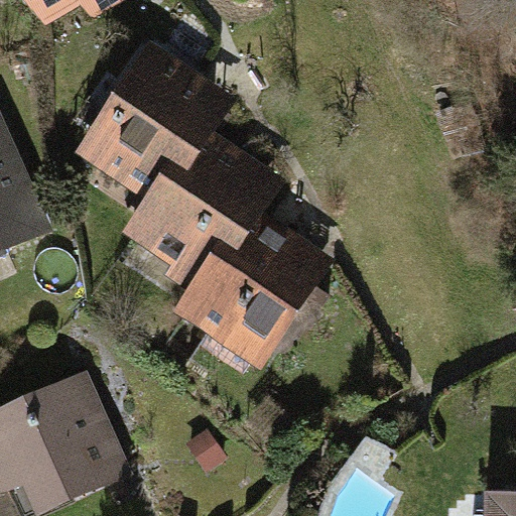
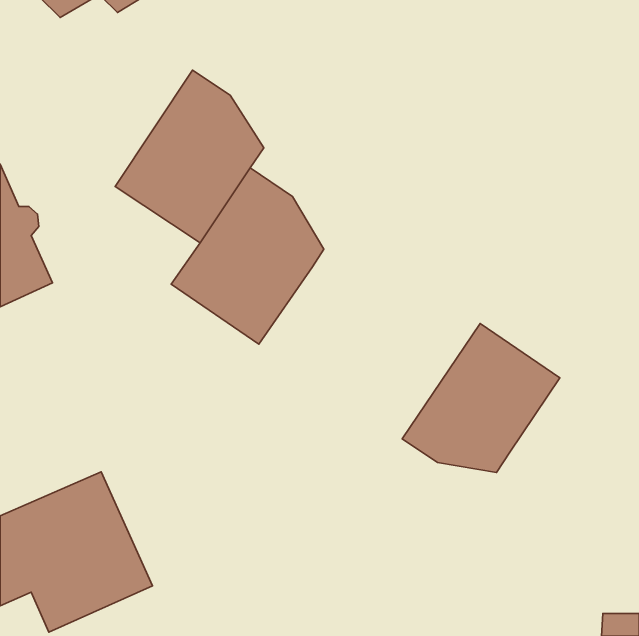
building: [188,215,307,355] -> none
building: none -> [402,323,560,472]

